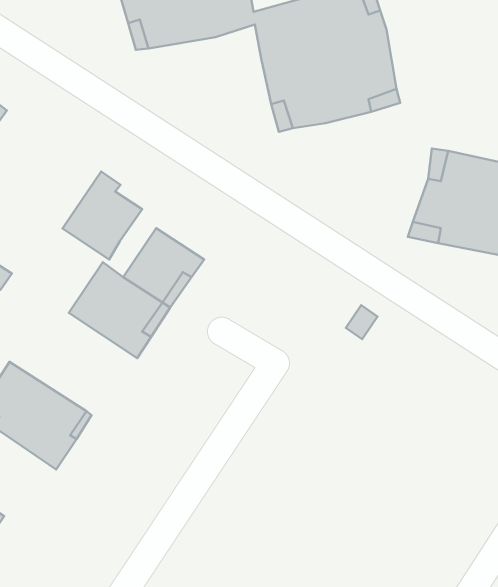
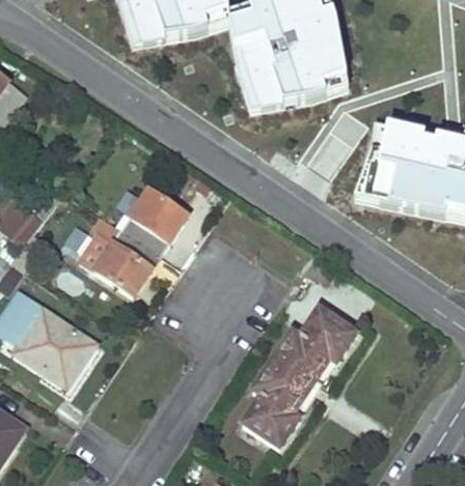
building: [63,172,142,259] -> none
building: none -> [243,309,356,448]

